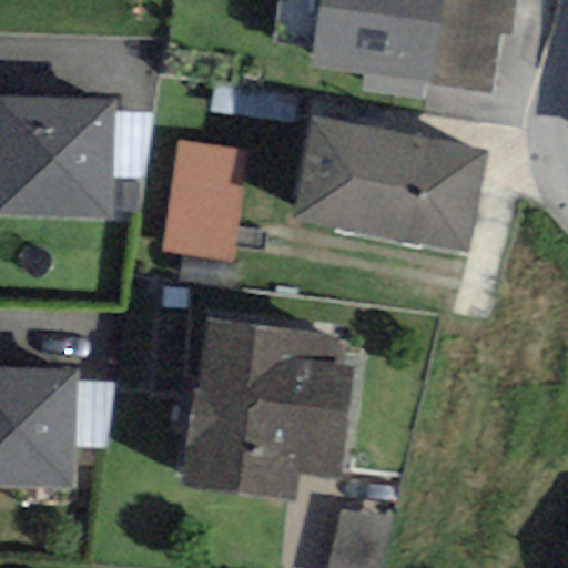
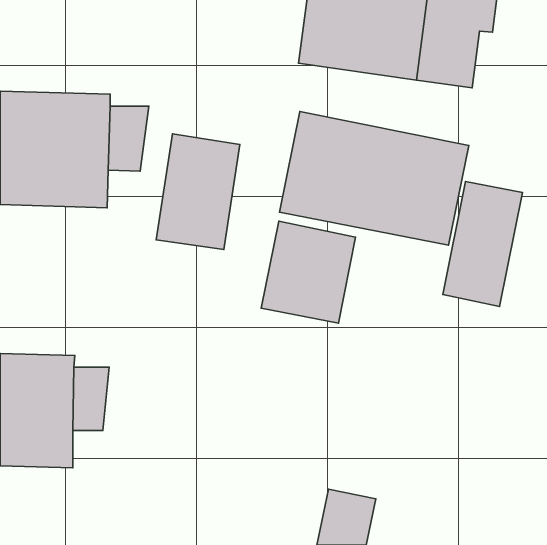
building: none -> [443,182,522,307]
building: none -> [261,221,356,323]
building: [180,320,355,500] -> none

